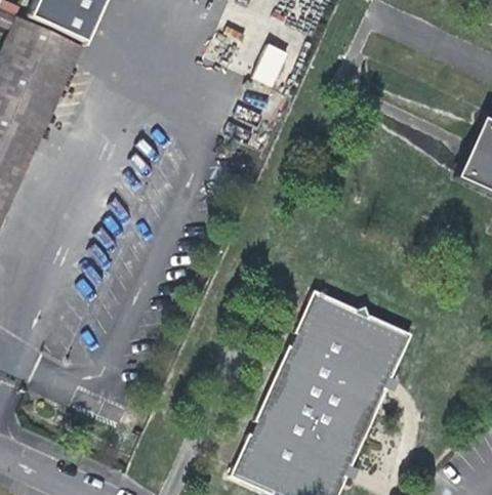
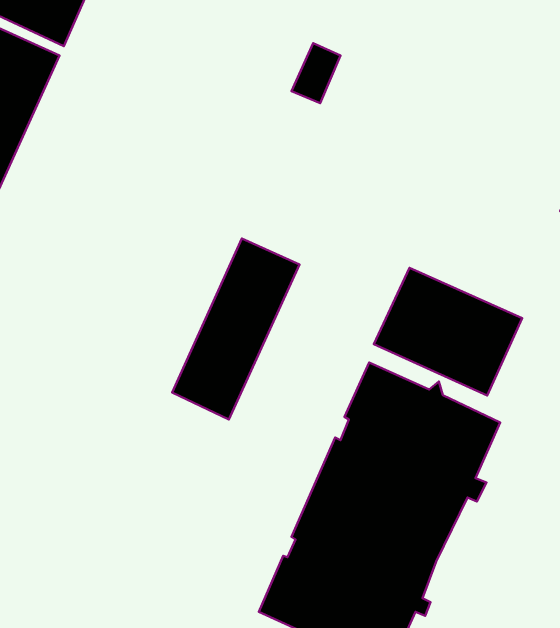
building: none -> [172,238,299,420]
building: none -> [374,268,522,395]

